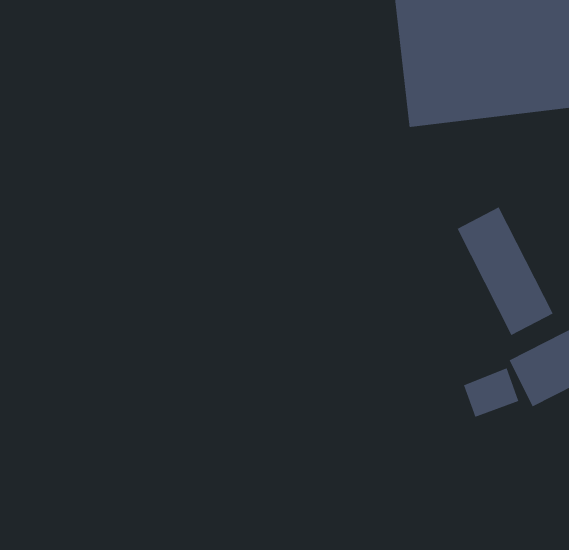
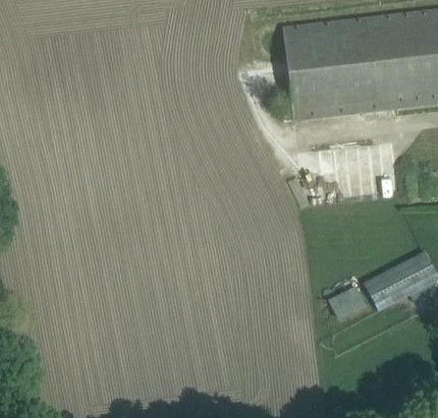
building: [457,207,554,336] -> none

